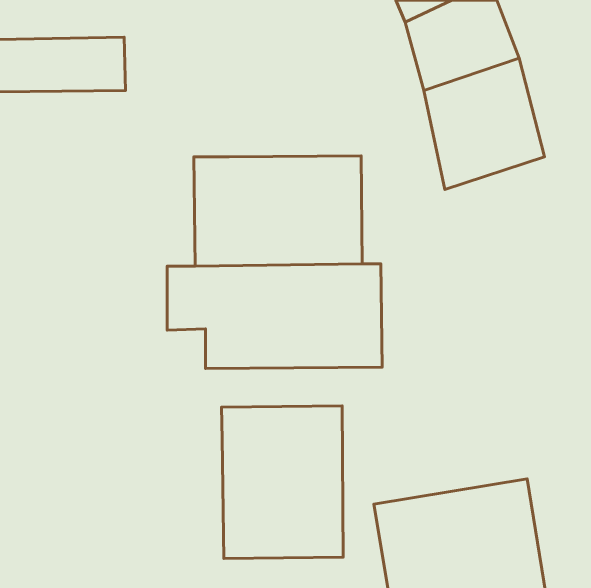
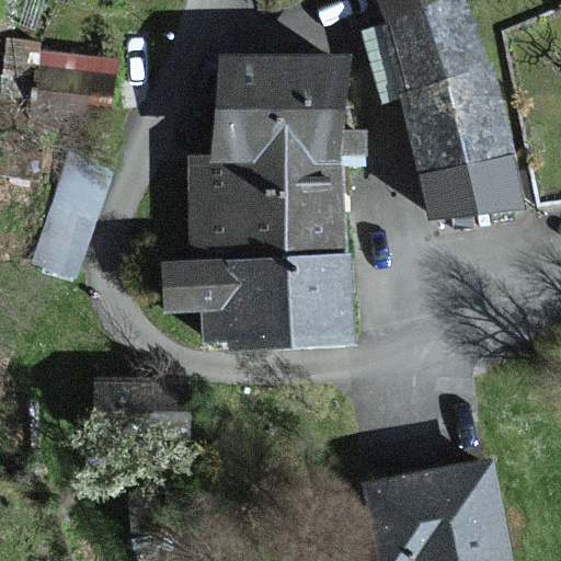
building: none -> [215,53,357,153]
building: none -> [420,153,523,216]
building: [221,406,343,559] -> none

